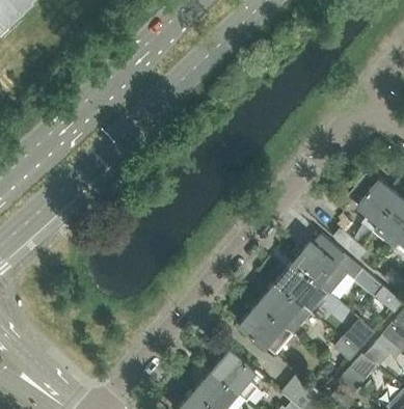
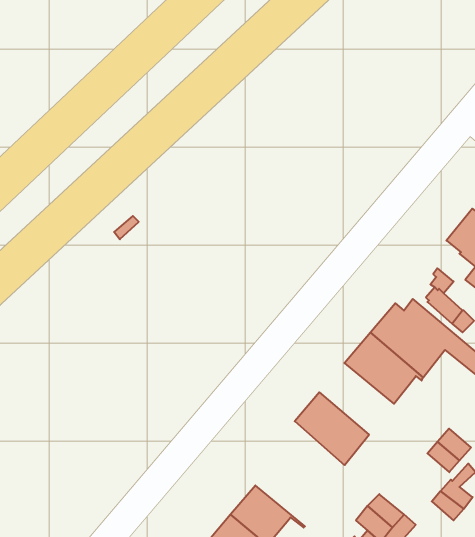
building: [257,283,309,334] -> none
building: [211,349,257,400] -> none

